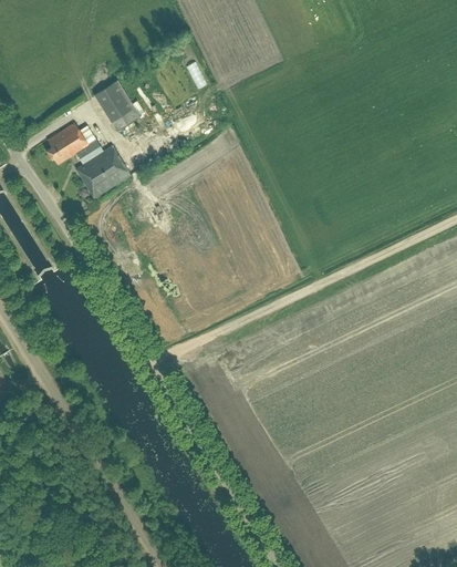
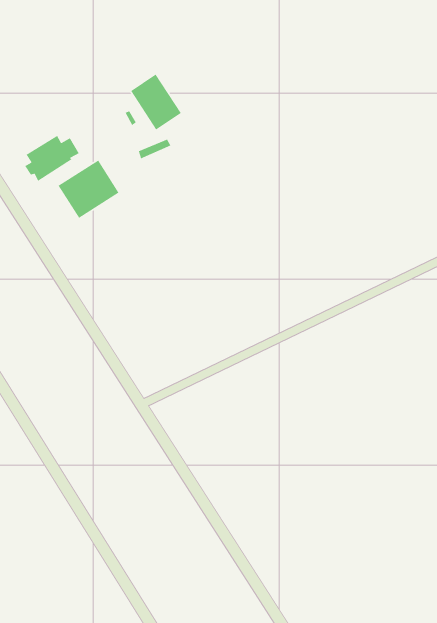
building: [93,80,139,131] -> [130,74,182,130]

